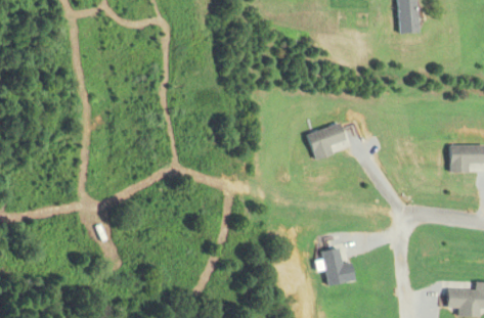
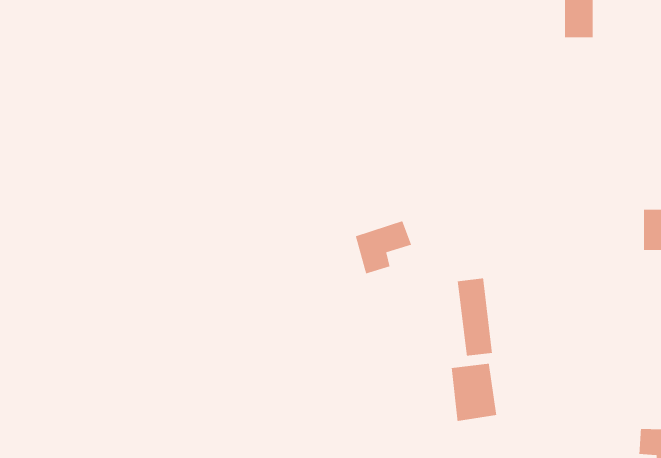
building: [308,124,346,160] -> [355,220,412,275]
building: none -> [457,278,493,357]

